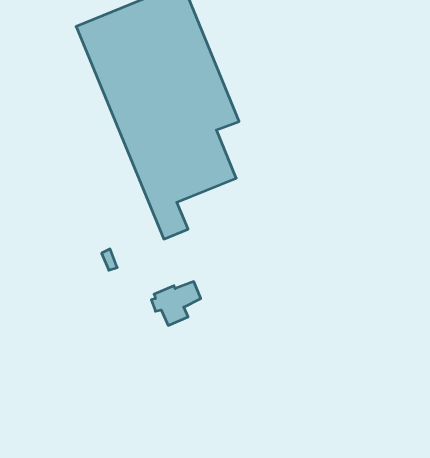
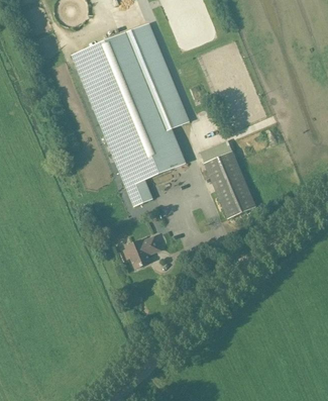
building: none -> [200,140,256,218]

